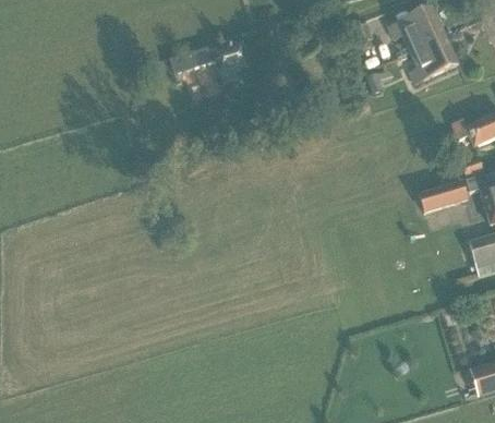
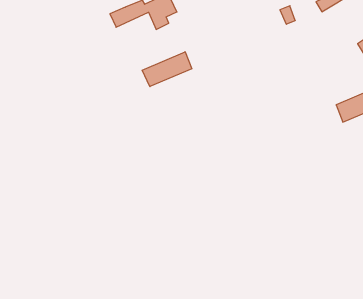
building: none -> [142,52,192,87]

